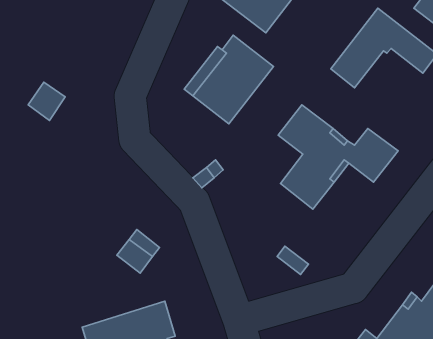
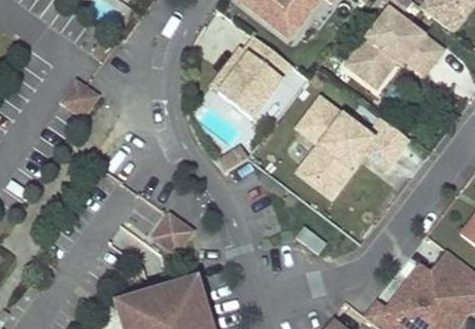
building: none -> [368,45,431,87]

